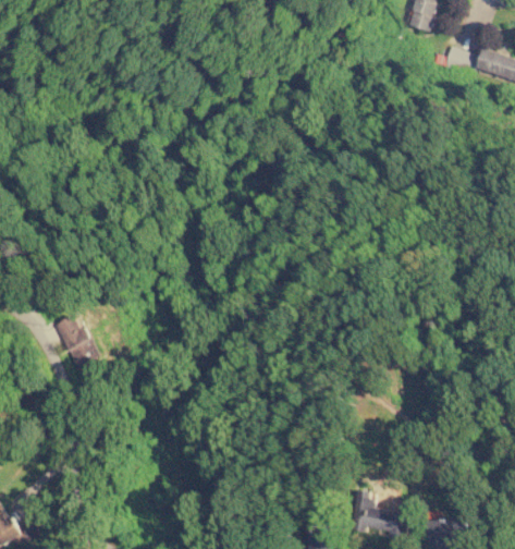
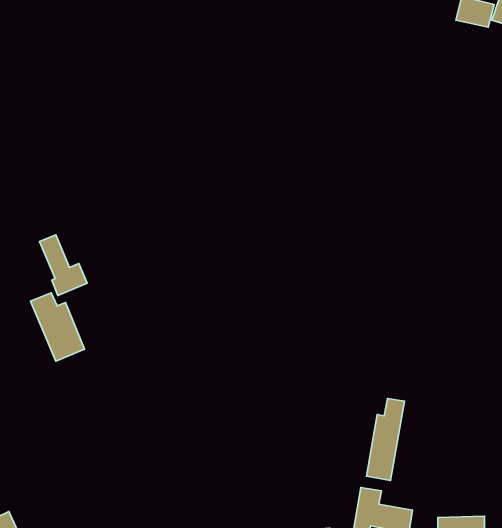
building: none -> [39,235,87,295]
building: none -> [366,398,405,481]

